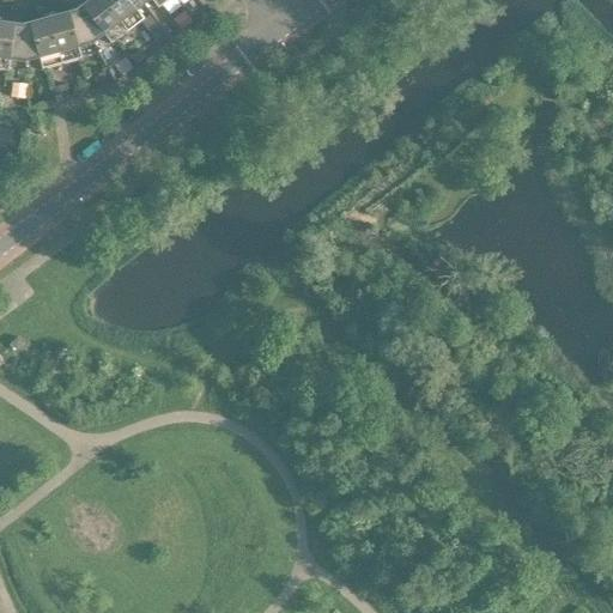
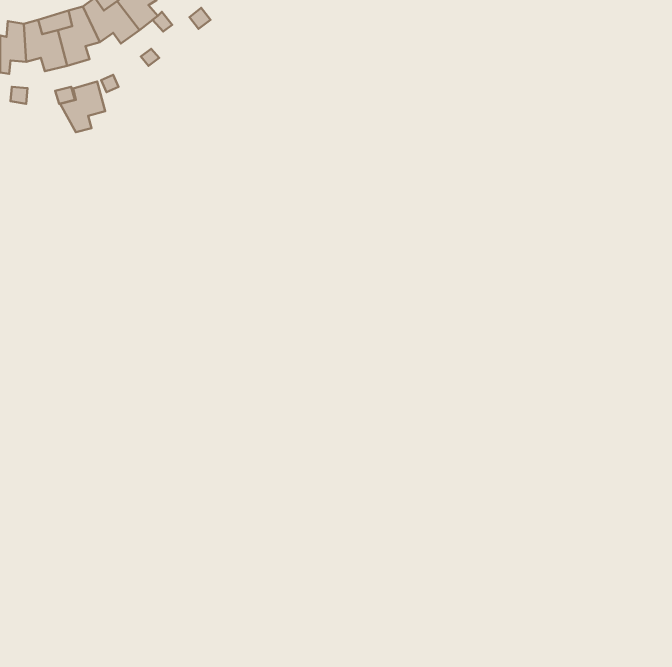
building: none -> [60,82,105,132]

